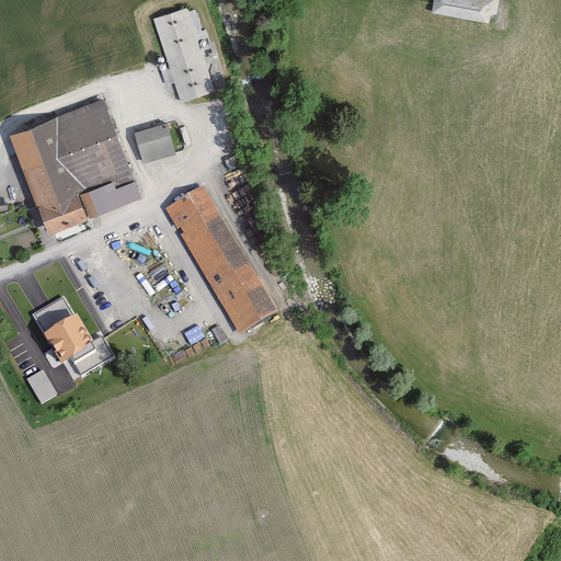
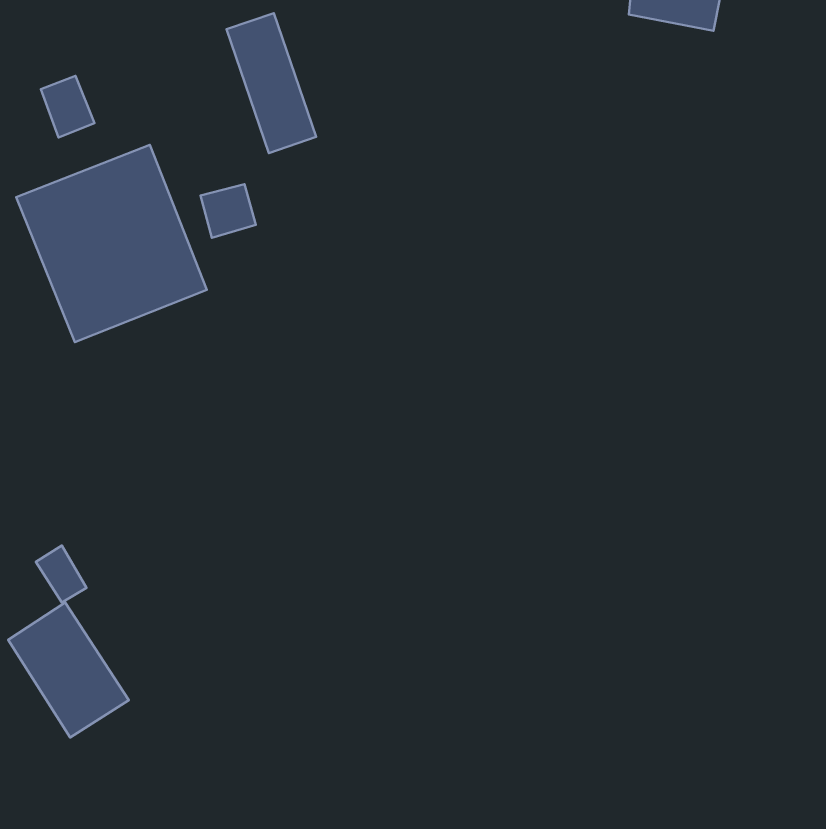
building: none -> [41,76,95,137]
building: [164,187,278,335] -> none
building: [32,290,113,381] -> [8,602,129,738]

